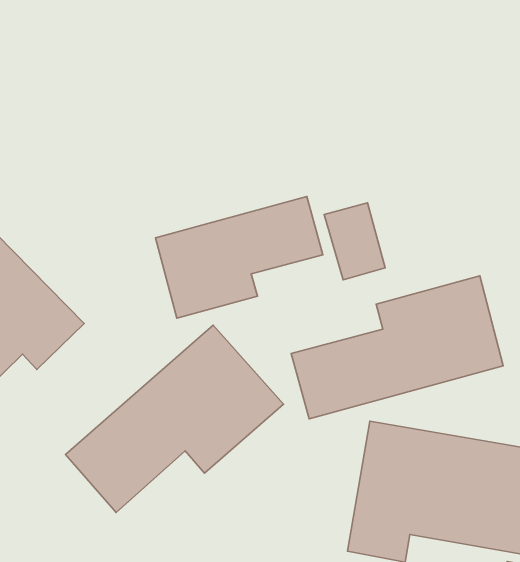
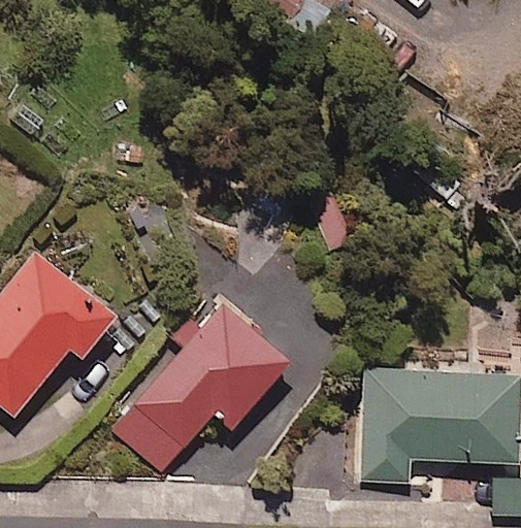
building: [156,197,323,318] -> none
building: [291,276,503,419] -> none

